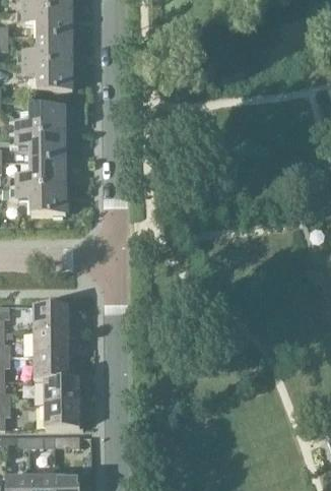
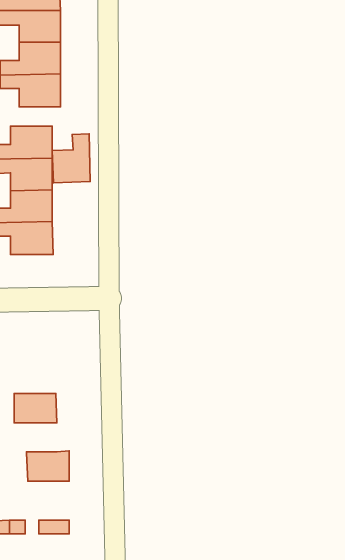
building: none -> [52,134,90,183]
building: [32,303,67,328] -> none
building: [32,353,68,378] -> none
building: [44,402,79,427] -> none

